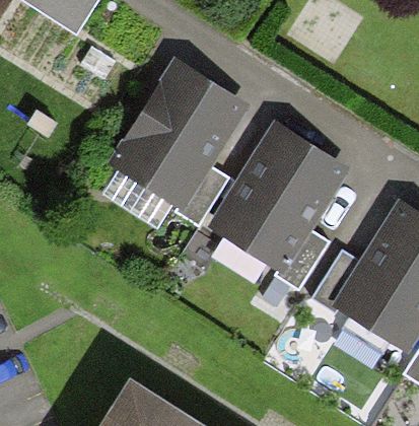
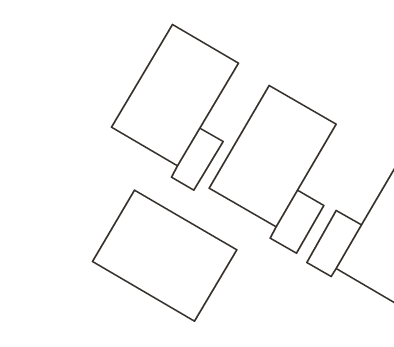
building: none -> [92,190,237,321]

